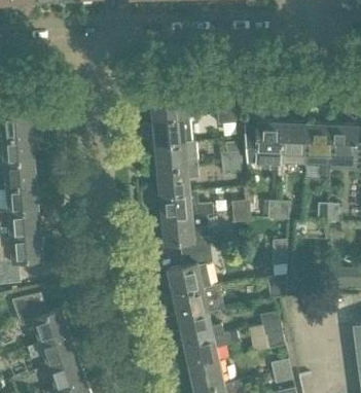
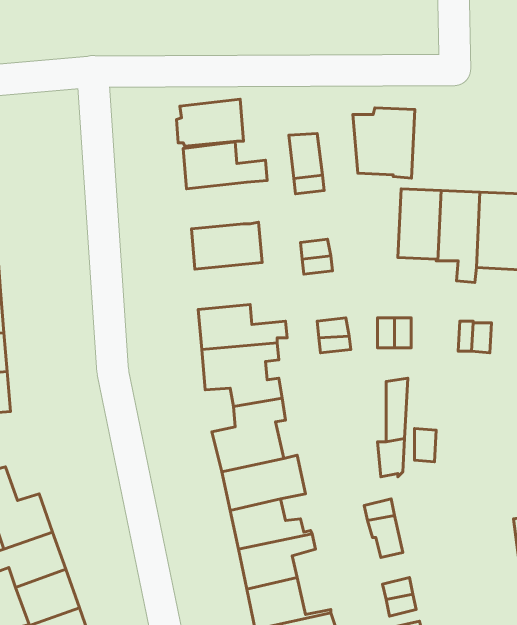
building: [150,117,191,146] -> [177,99,244,146]
building: [246,120,284,164] -> [353,108,415,178]
building: [157,167,200,195] -> none

